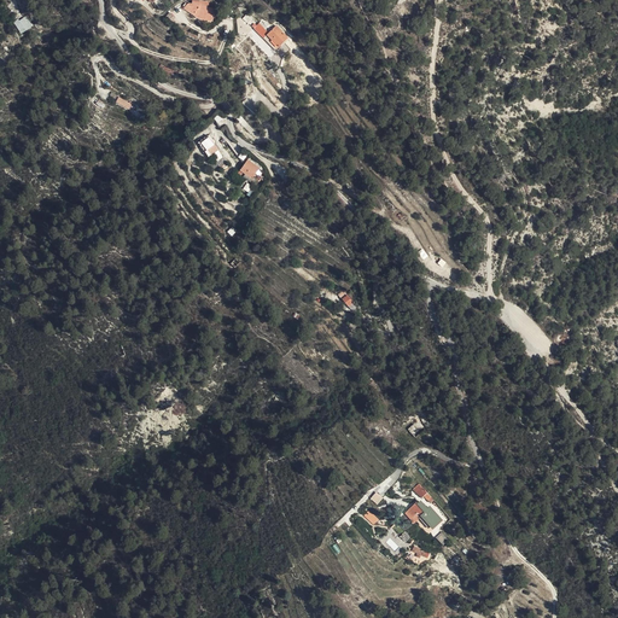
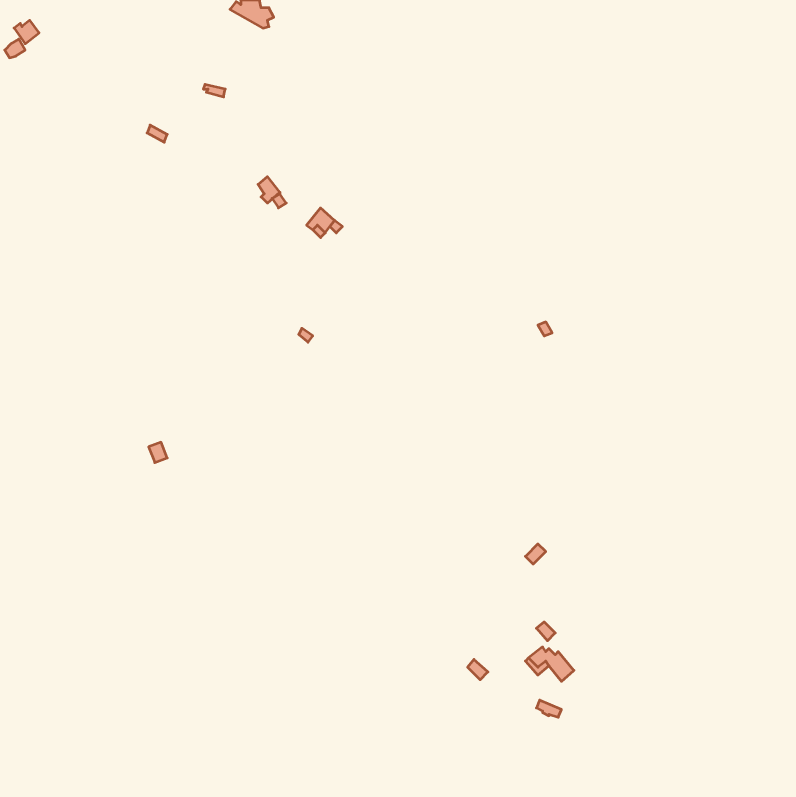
building: [246,14,285,46] -> none

